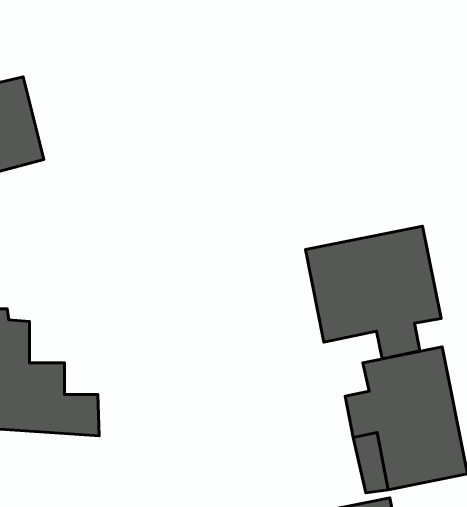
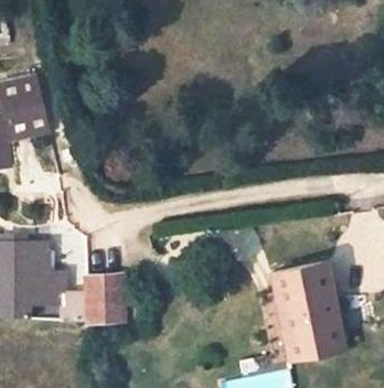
building: [305,226,441,359] -> none
building: none -> [89,276,126,322]

